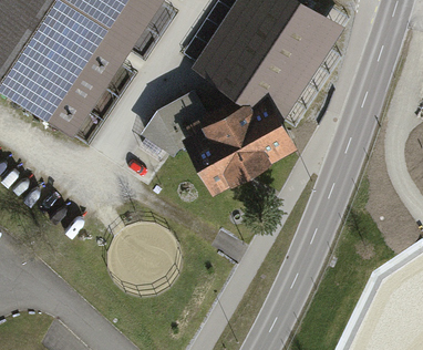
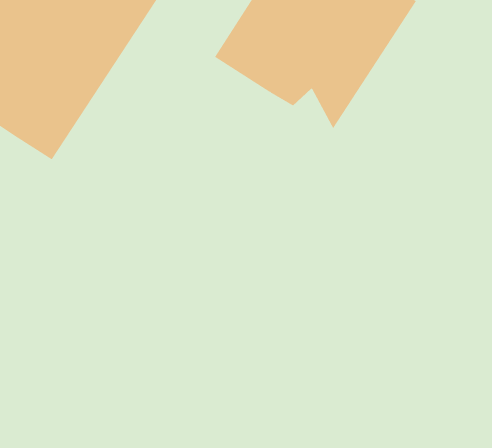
building: [146,89,287,186] -> none

